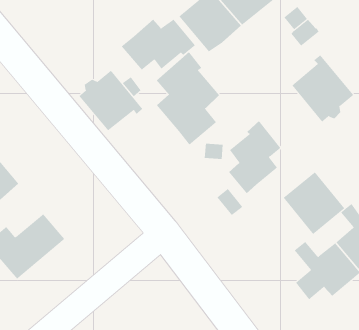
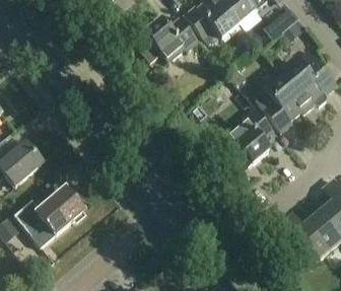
building: [156,51,220,145] -> none
building: [78,70,143,131] -> none
building: [283,171,345,235] -> [253,76,308,132]

